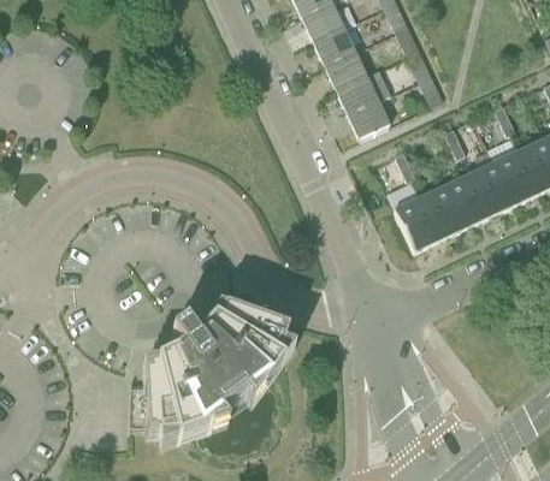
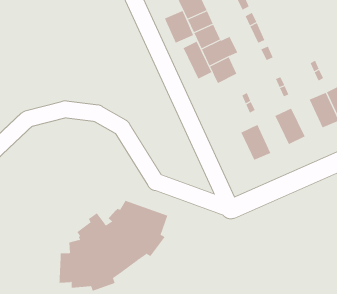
building: none -> [164,10,194,44]
building: none -> [183,41,212,79]
building: [468,161,513,215] -> none
building: [419,185,463,239] -> none

